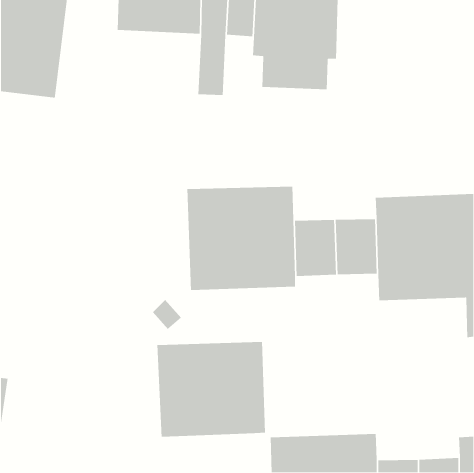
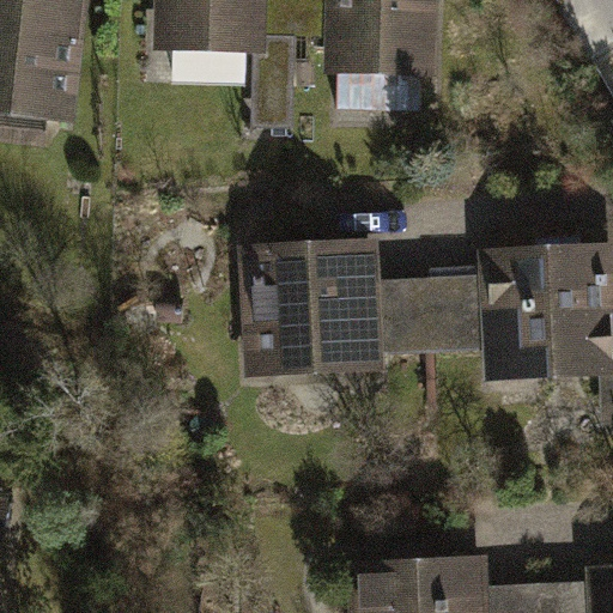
building: [157,341,266,438] -> none

